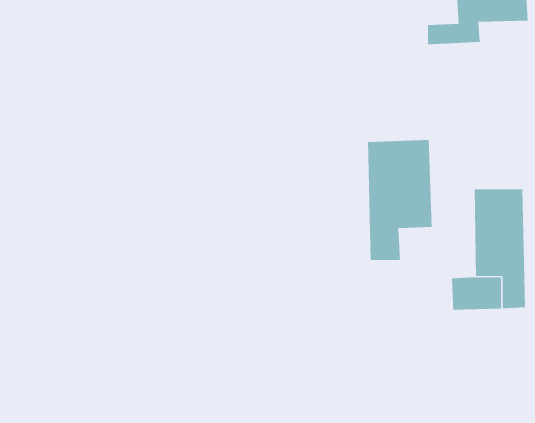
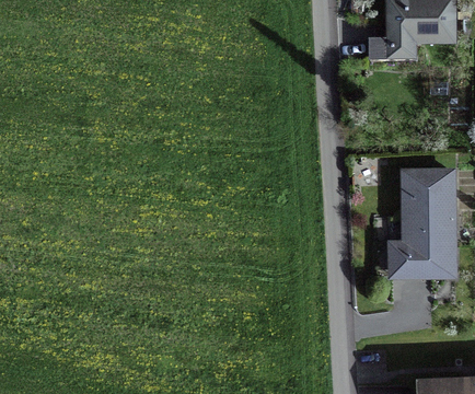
building: [368,139,432,261] -> none

